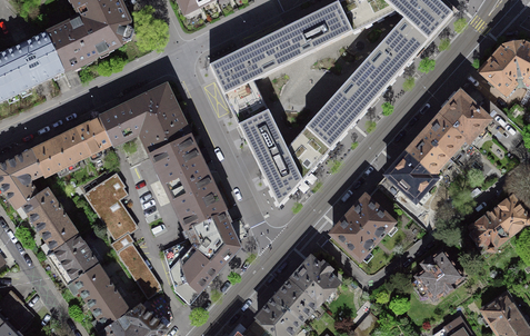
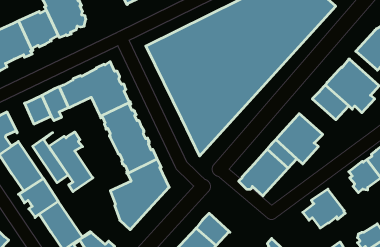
building: [406,132,452,178] -> none
building: [31,138,66,176] -> none
building: [116,234,161,298] -> [33,133,68,183]
building: [290,257,337,304] -> none

